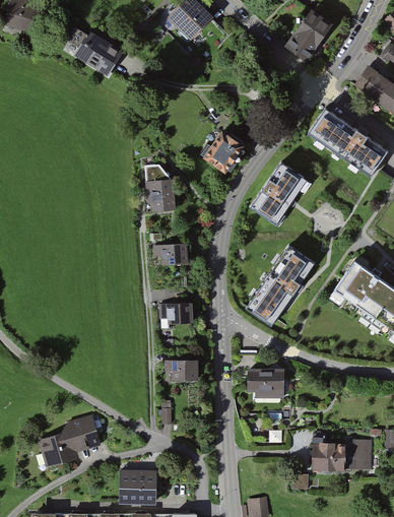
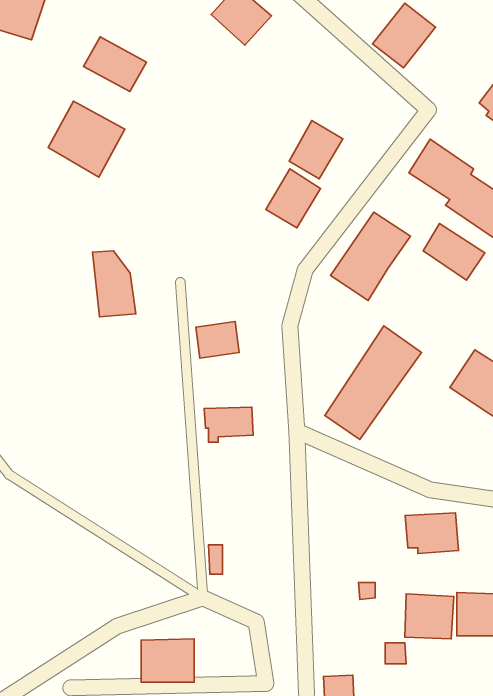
building: none -> [48,101,125,177]
building: none -> [289,120,343,179]
building: [142,164,174,211] -> [92,251,136,317]
building: none -> [423,223,485,280]
building: [167,360,200,381] -> none
building: [246,367,284,396] -> [405,513,458,553]
building: [46,415,102,466] -> none

